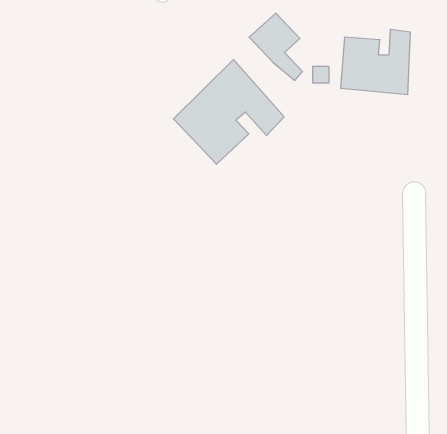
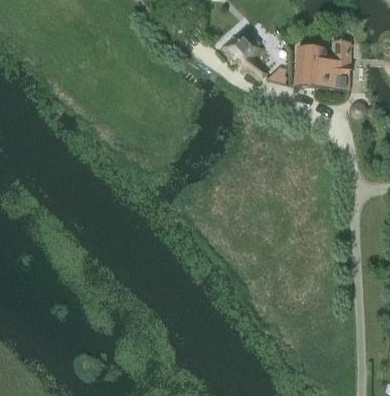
building: [173,60,284,164] -> none

